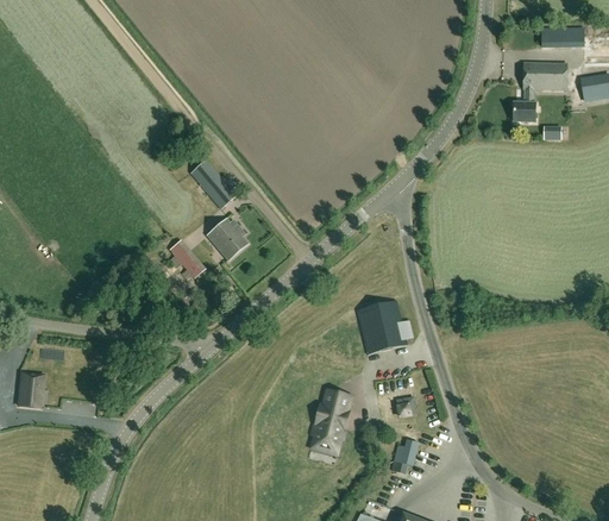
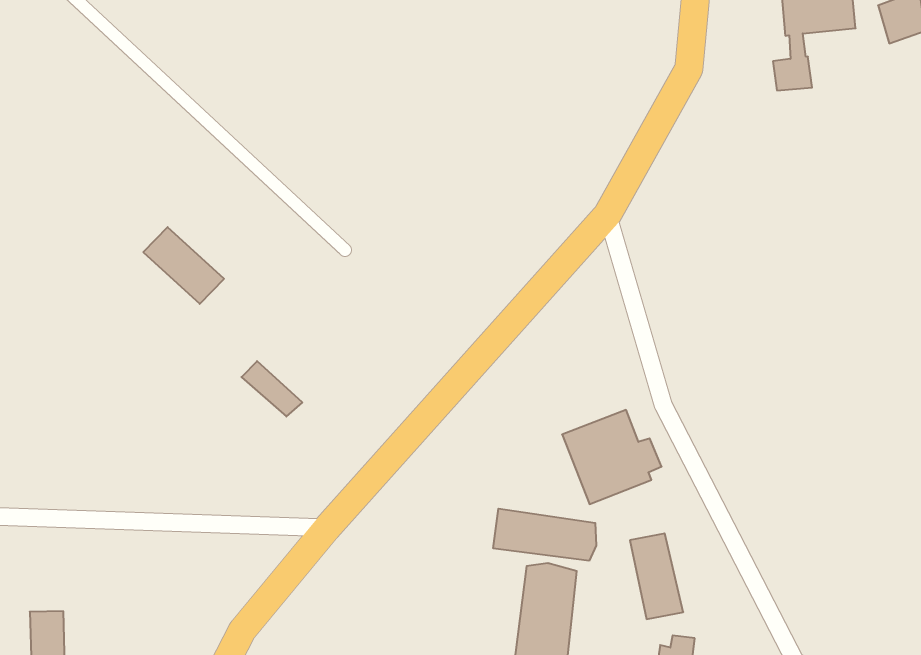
building: [189,161,236,209] -> [143,227,224,304]
building: [206,219,246,260] -> none
building: none -> [493,509,596,561]

